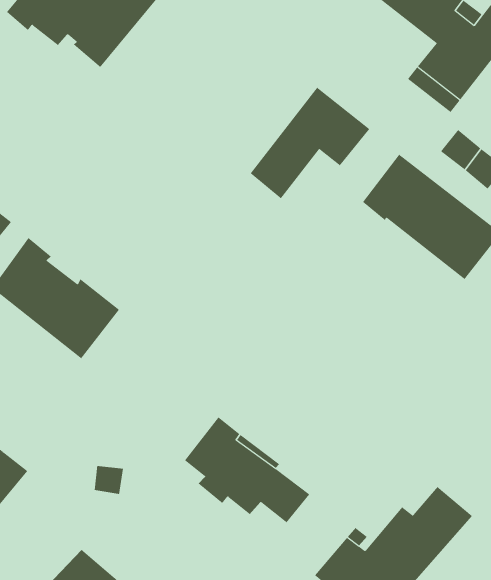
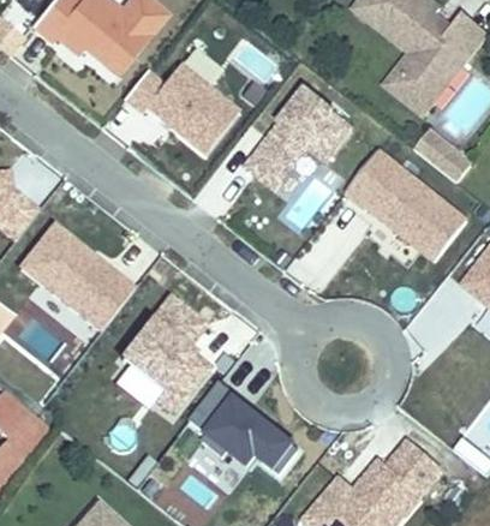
building: none -> [125,59,240,157]
building: none -> [123,295,209,411]

